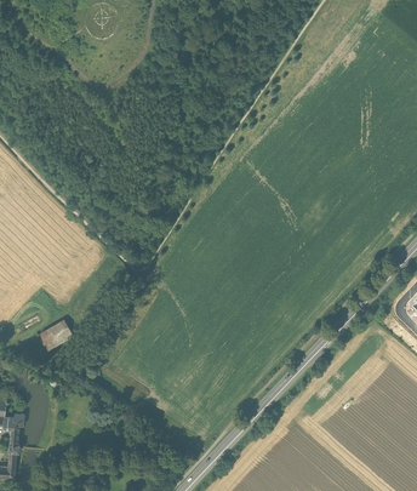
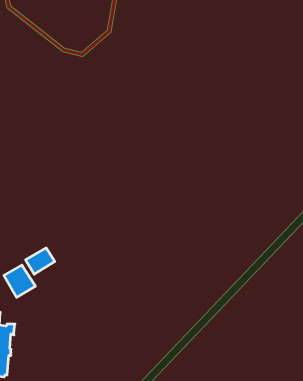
building: none -> [4,265,35,297]

